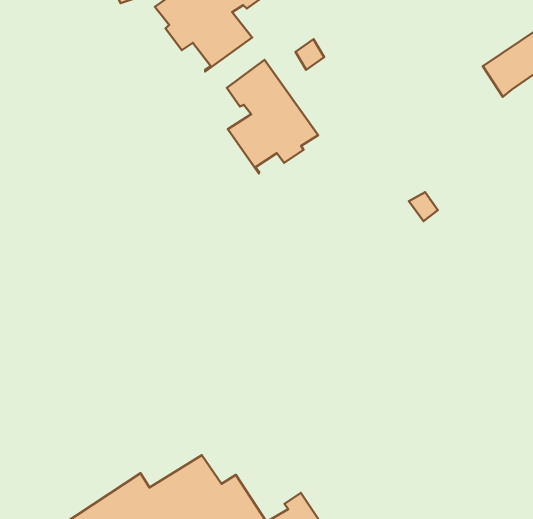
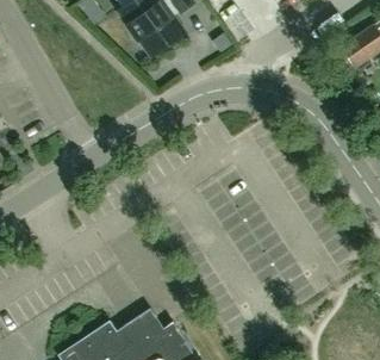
building: [227,60,318,173] -> none

